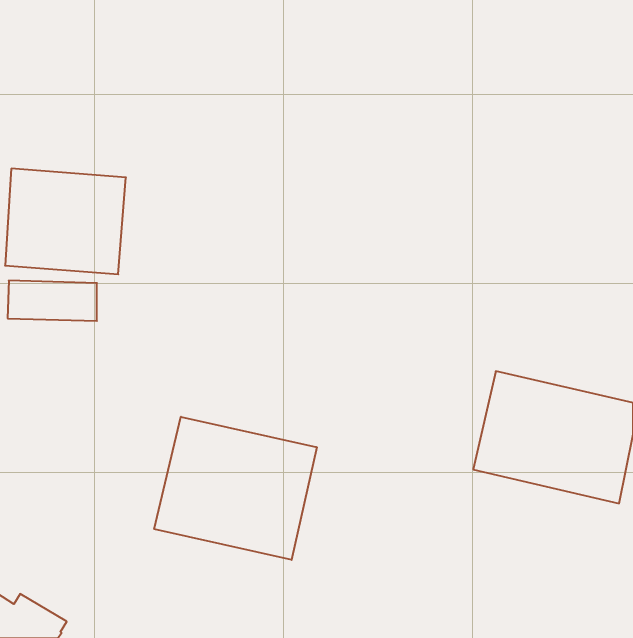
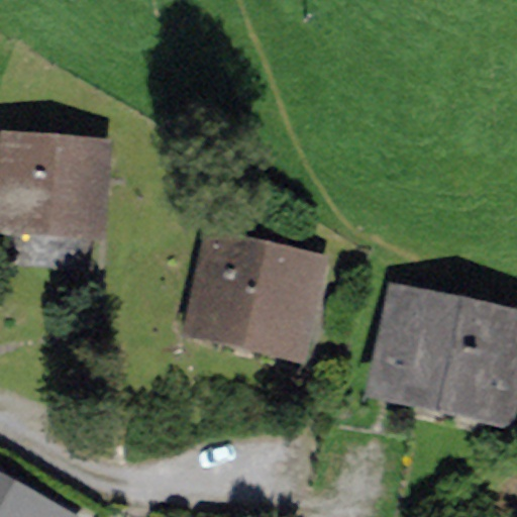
building: none -> [196,234,313,333]
building: [154,417,317,560] -> none

